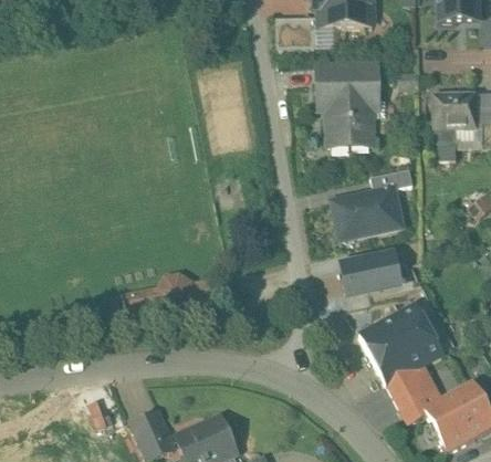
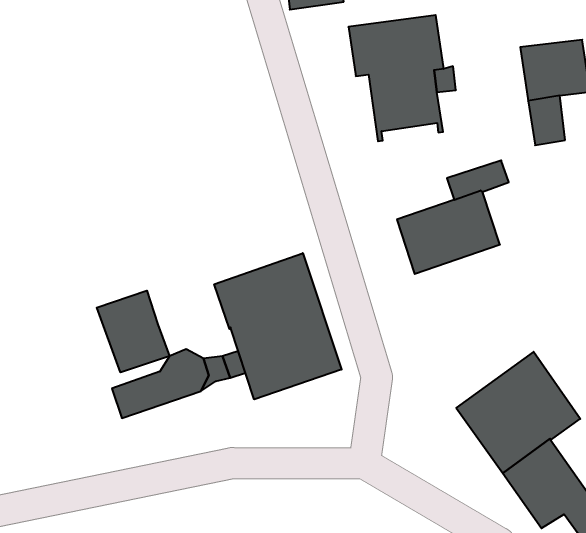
building: none -> [214,253,342,399]
building: none -> [97,291,169,372]
building: [342,254,400,293] -> none

